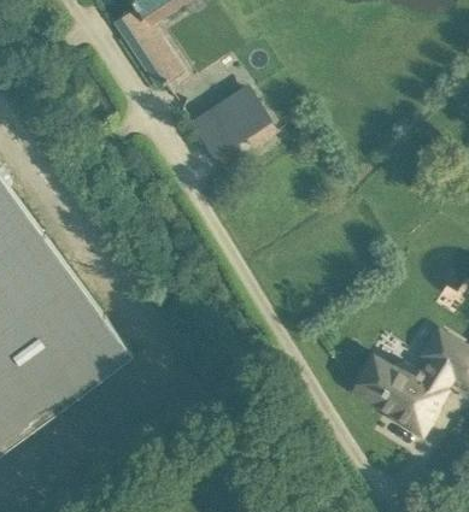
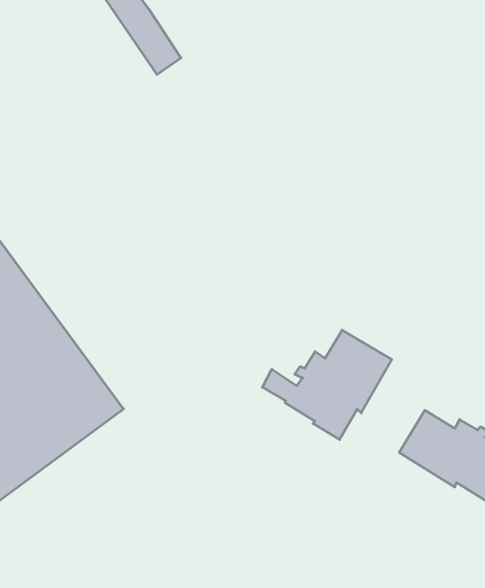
building: [194,87,275,163] -> none
building: none -> [262,330,392,440]

